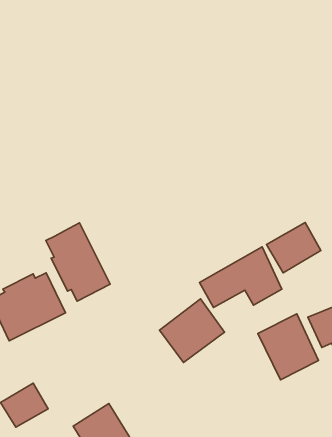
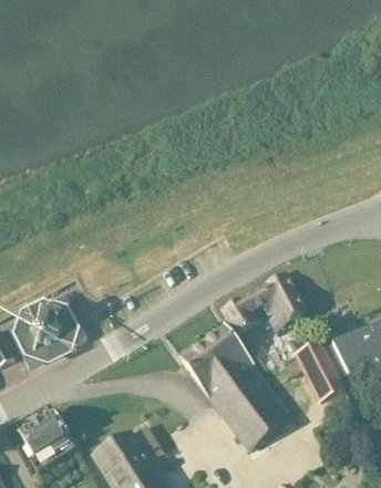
building: [266,222,321,273] -> none
building: [46,223,110,301] -> none
building: none -> [205,359,291,448]

